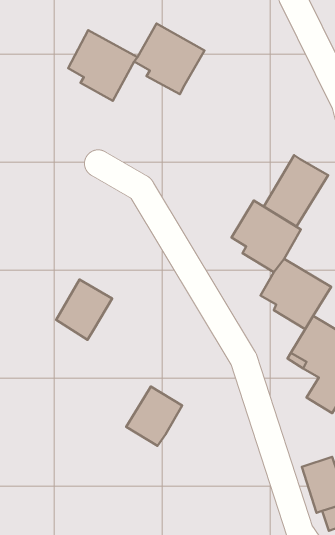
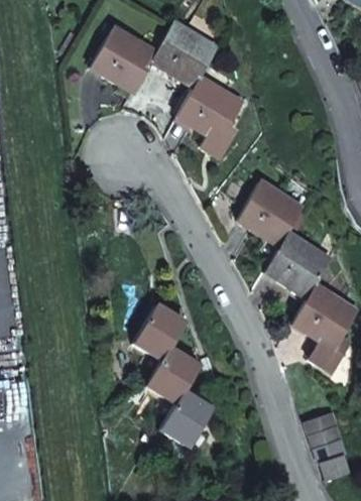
building: none -> [179,78,242,142]
building: [264,155,328,227] -> none
building: [56,279,112,340] -> [134,304,185,359]
building: none -> [159,392,211,446]

